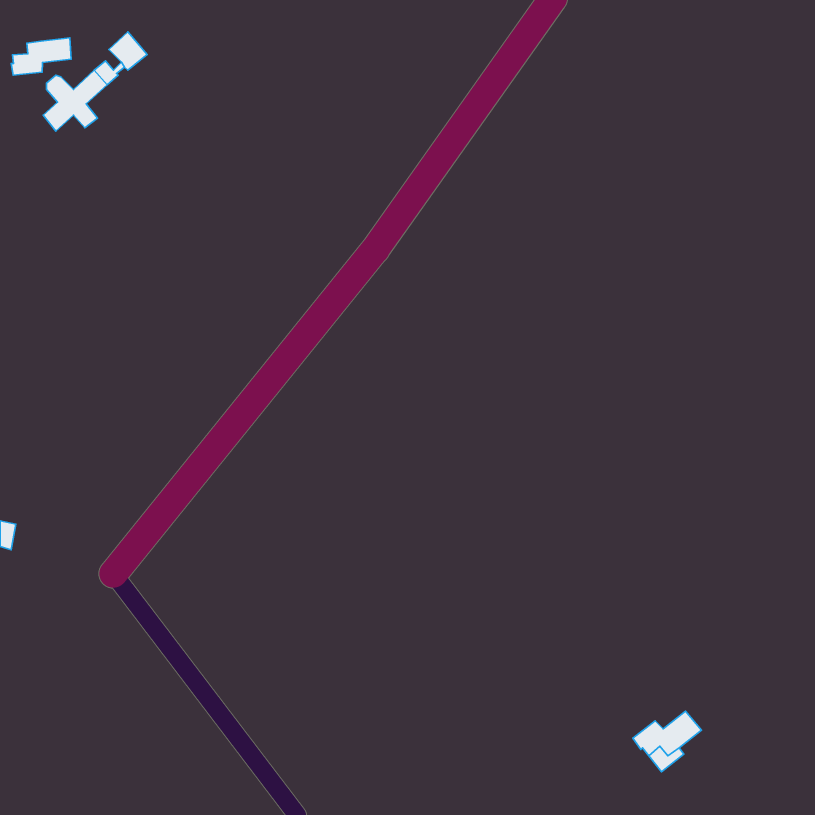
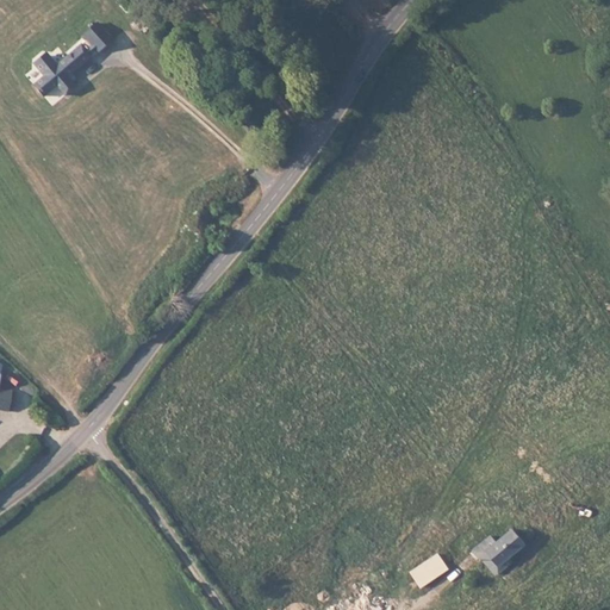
building: [11,38,71,75] -> none
building: none -> [411,553,448,585]

